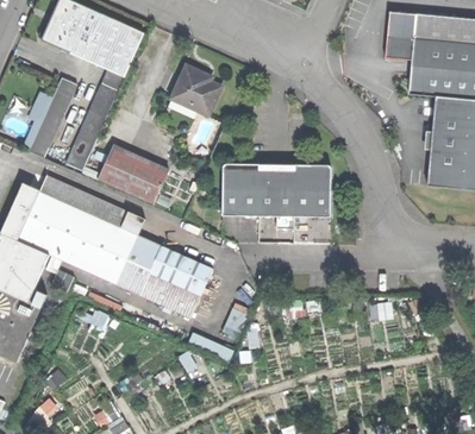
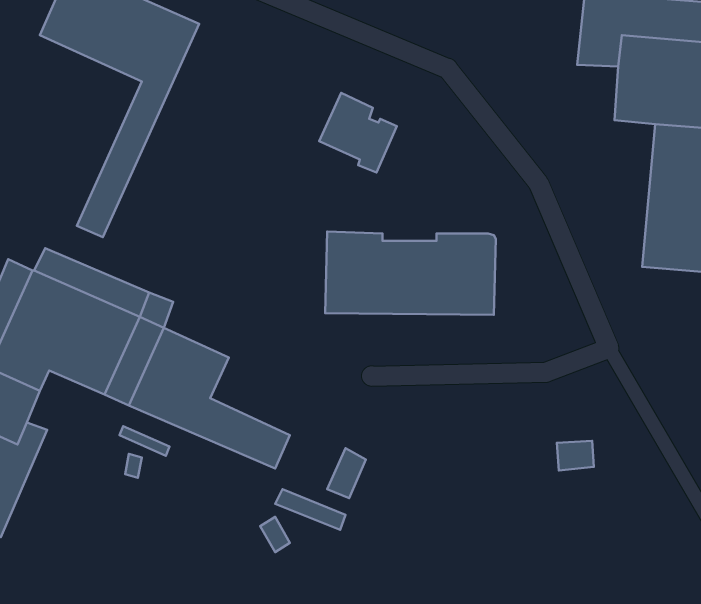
building: [171,63,221,114] -> [319,93,397,173]
building: [26,75,75,156] -> none
building: [99,145,169,205] -> none
building: [150,245,214,295] -> none

